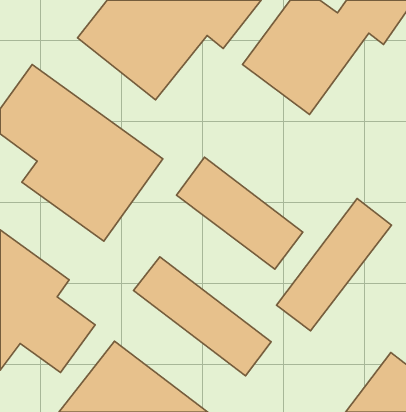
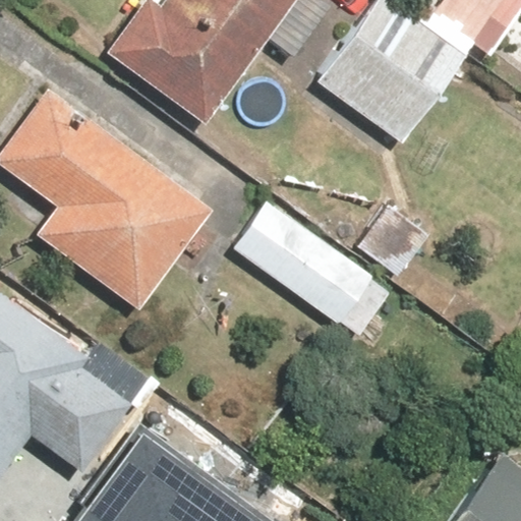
building: [276,198,391,331] -> none
building: [133,257,271,376] -> none

